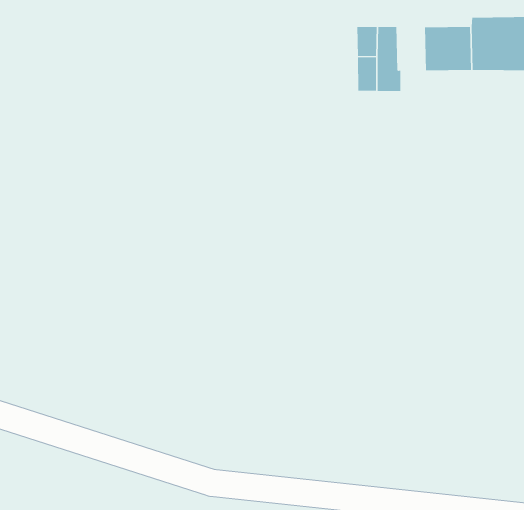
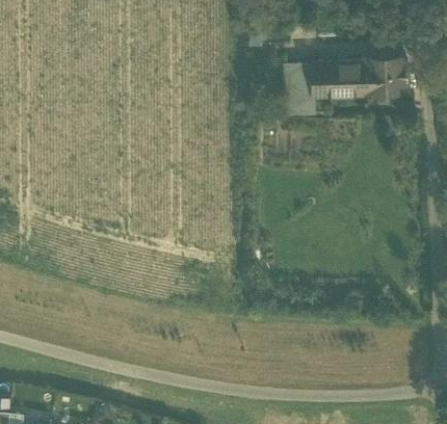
building: none -> [313,64,335,96]

